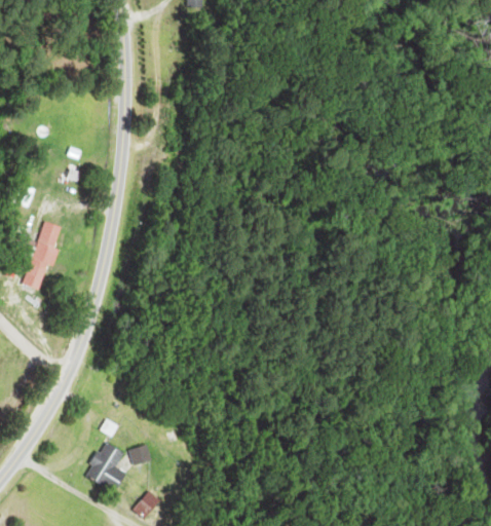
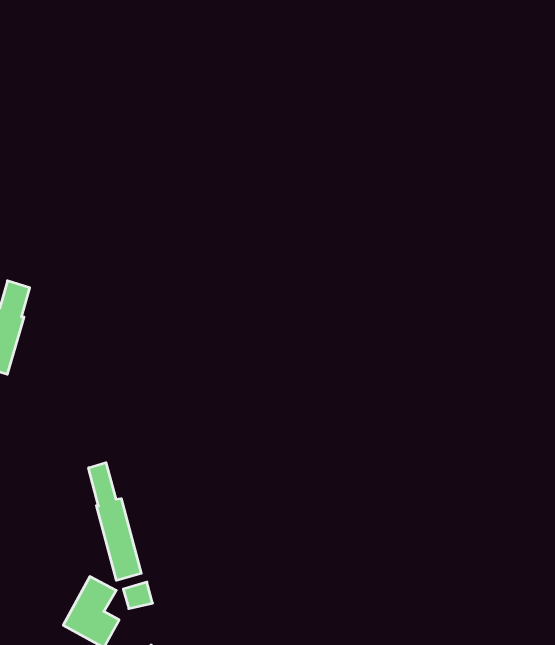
building: none -> [89,463,141,580]

